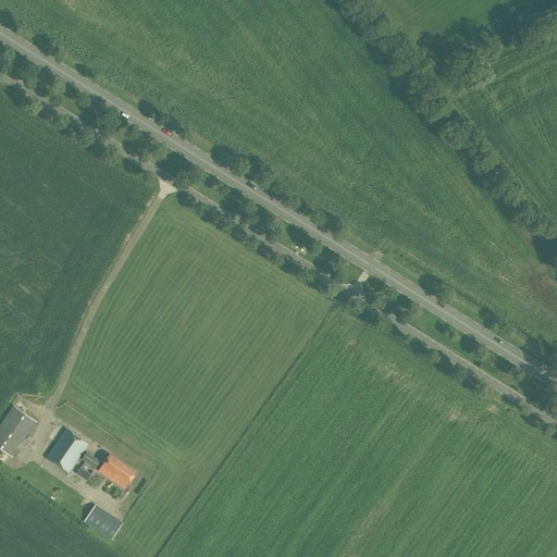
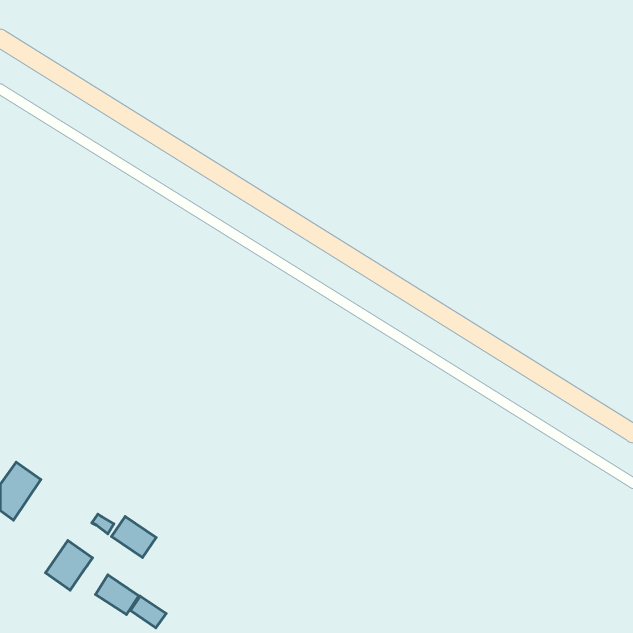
building: [47,429,88,472] -> [45,541,92,590]
building: none -> [131,596,166,628]

